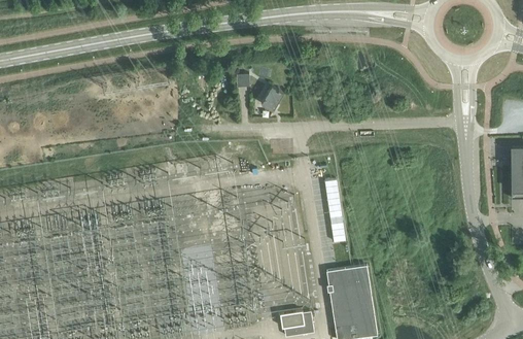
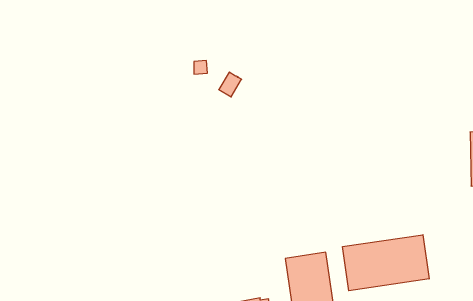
building: none -> [343,235,429,291]

